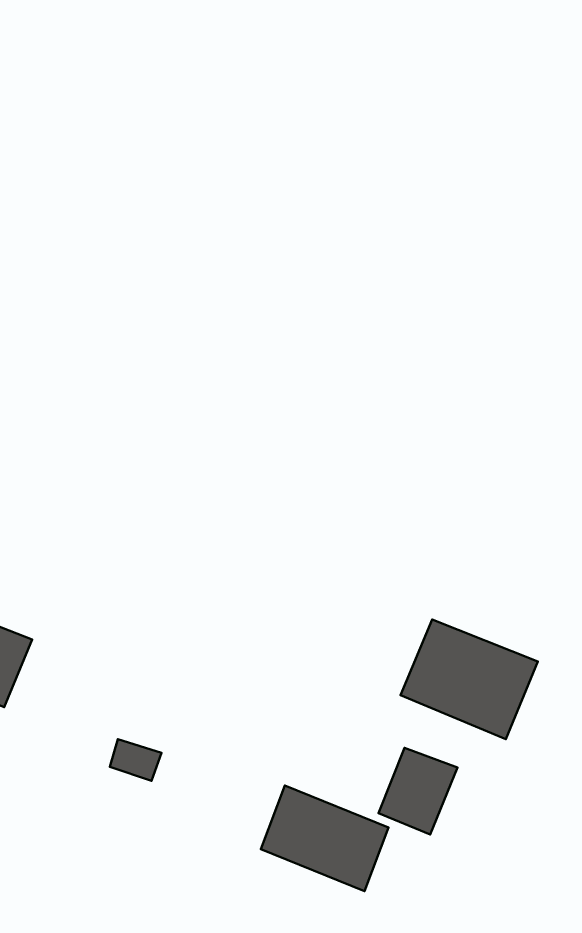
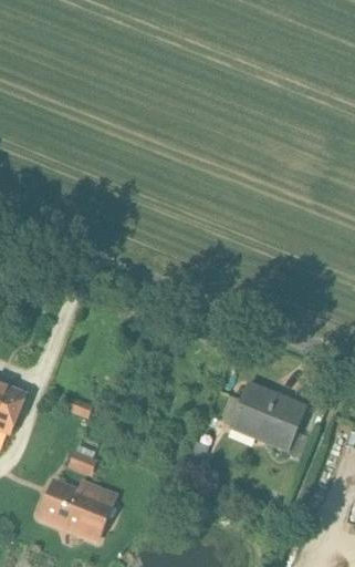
building: [378,748,458,835] -> none
building: [261,786,388,891] -> [40,478,111,537]

